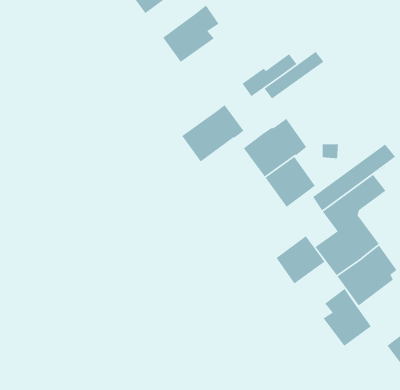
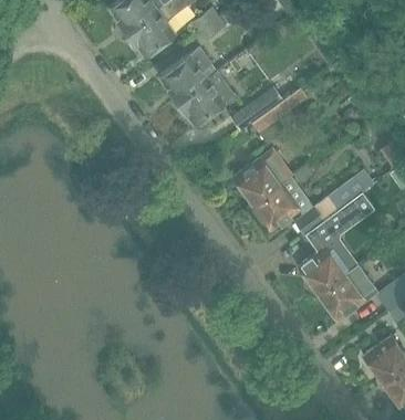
building: [181,104,244,163] -> [176,71,233,124]
building: [276,235,326,285] -> none
building: [323,288,372,347] -> none

